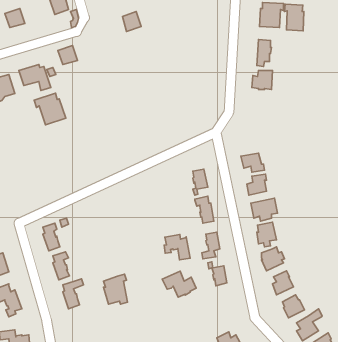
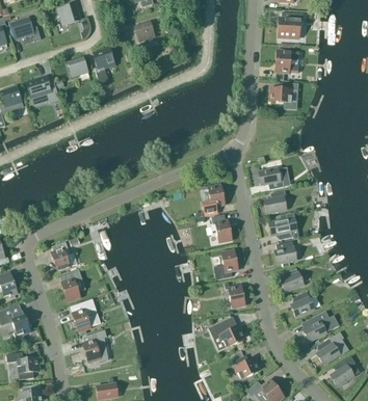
building: [285,4,304,31] -> none
building: none -> [95,49,114,87]
building: [34,93,66,125] -> none
building: [164,234,190,260] -> none
building: [162,271,196,297] -> [209,320,244,347]
building: [104,274,127,304] -> [83,330,108,362]

